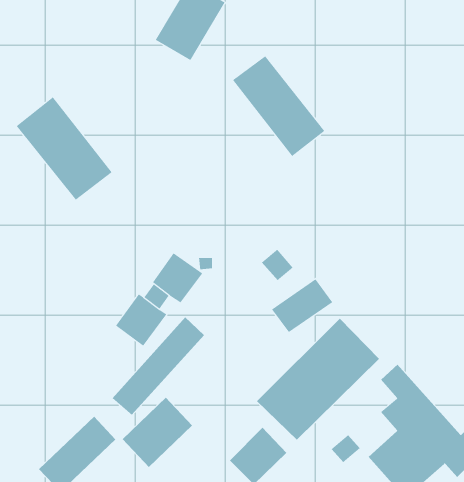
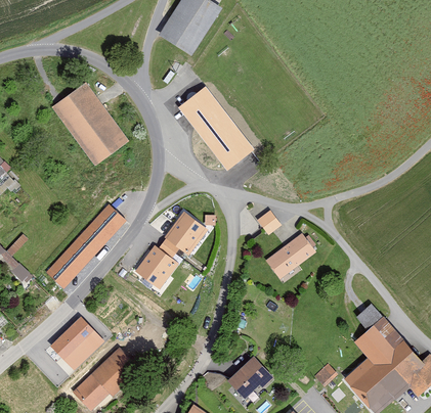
building: [232,55,325,157] -> [176,86,253,170]
building: [112,317,205,416] -> [47,205,124,287]
building: [256,318,380,441] -> none
building: none -> [48,317,102,370]
building: [122,397,193,468] -> none

